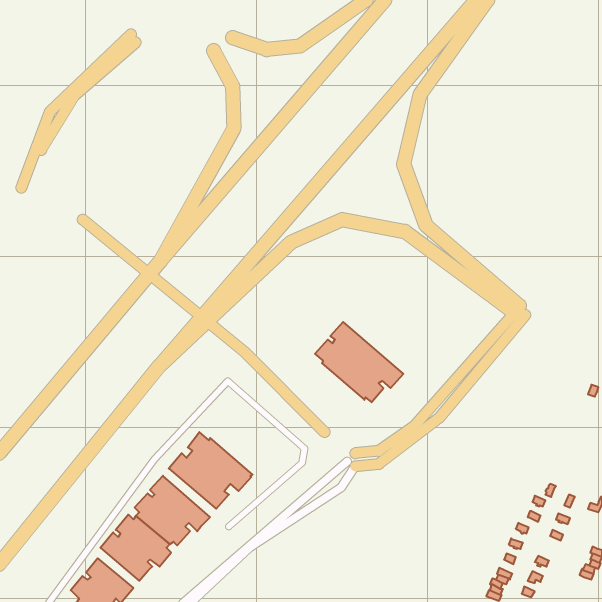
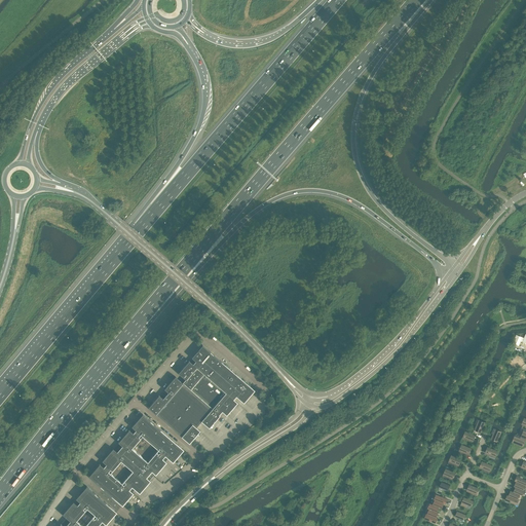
building: [315,322,403,402] -> [177,346,254,416]

